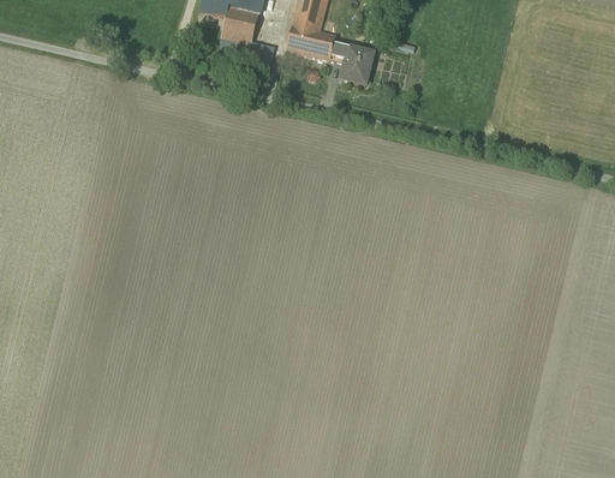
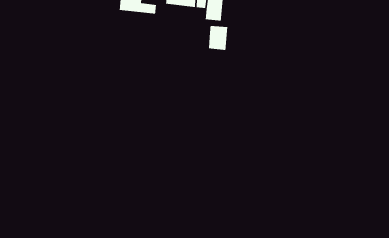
building: none -> [208,25,228,51]

